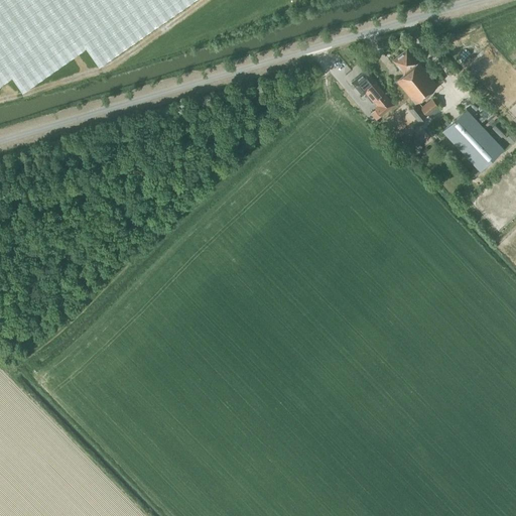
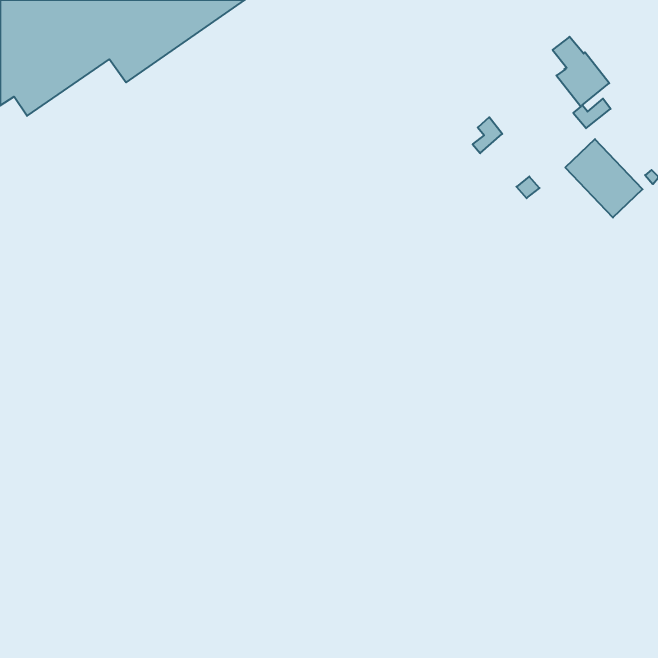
building: [393,49,438,121] -> [553,37,611,128]
building: [353,71,383,100] -> none

